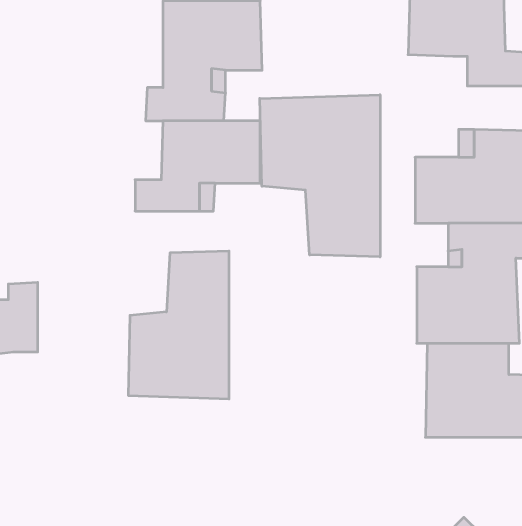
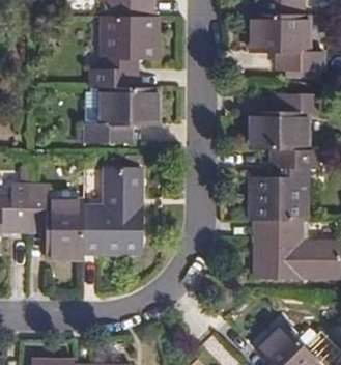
building: [260,95,380,257] -> none
building: none -> [27,185,82,258]

